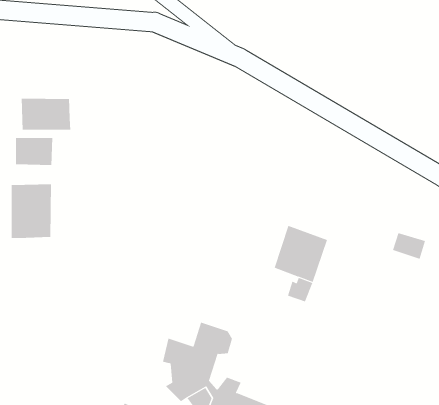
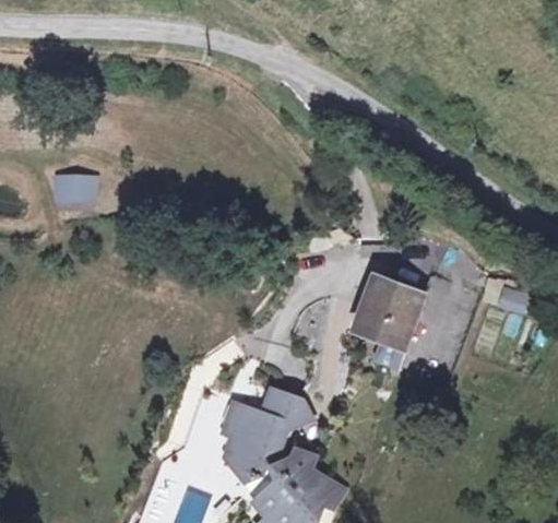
building: [21,98,71,130] -> none
building: [11,184,52,239] -> none

